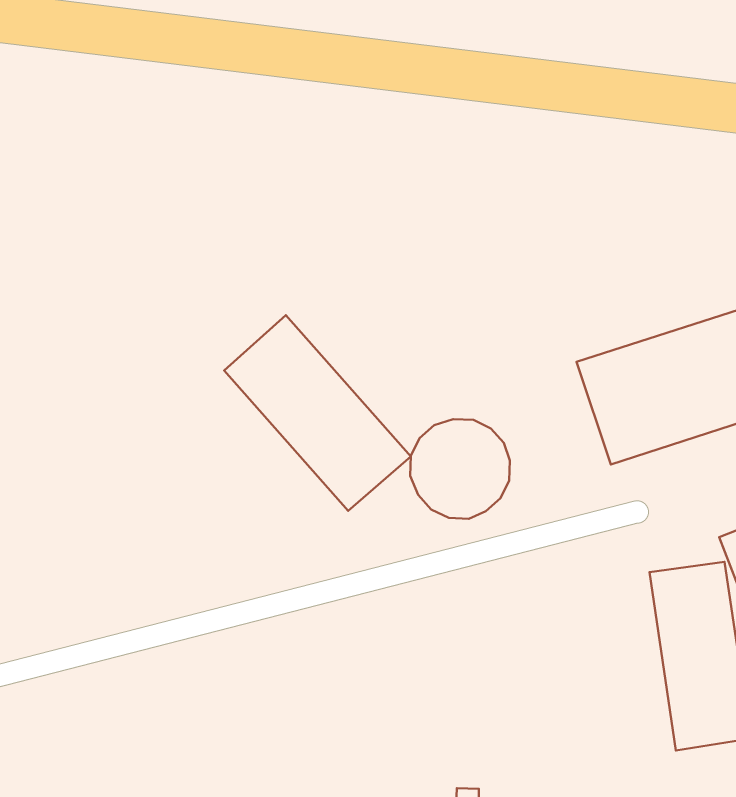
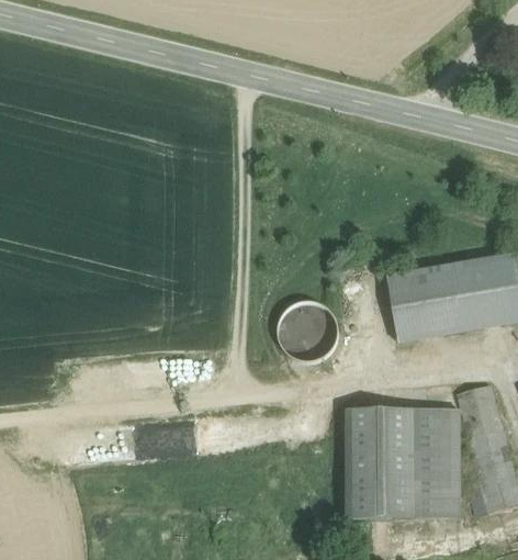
building: [224,315,411,511] -> none
building: none -> [347,408,413,518]

